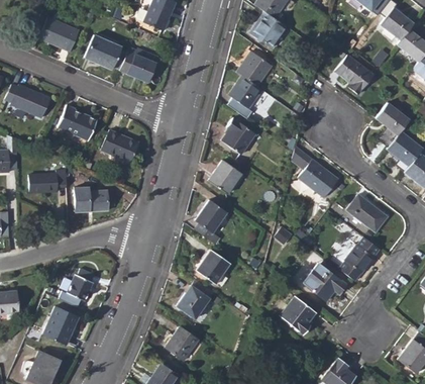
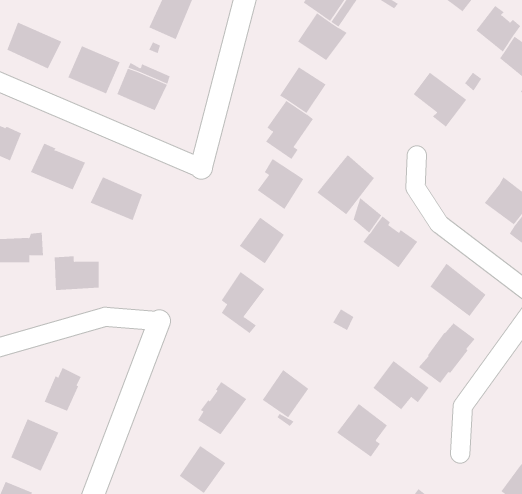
building: [376,102,409,135] -> none
building: none -> [317,154,375,215]
building: [196,249,230,284] -> [262,369,309,418]

